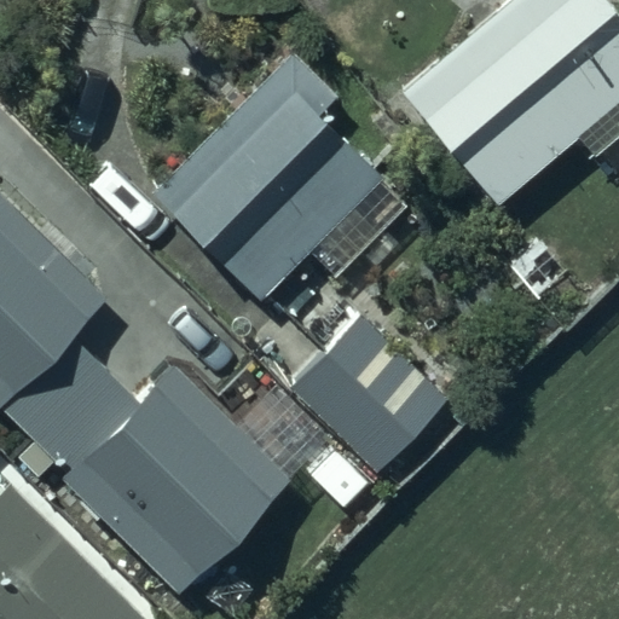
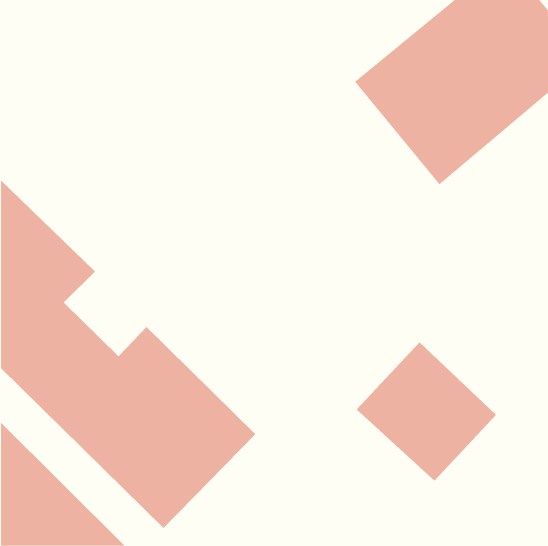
building: [150,47,383,299] -> none
building: [288,319,446,476] -> [356,342,497,482]

